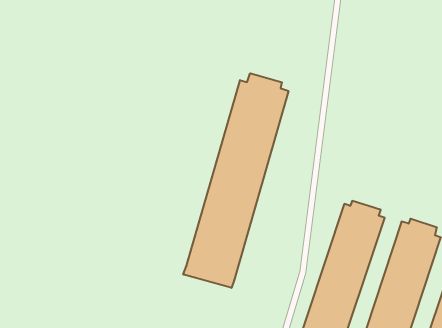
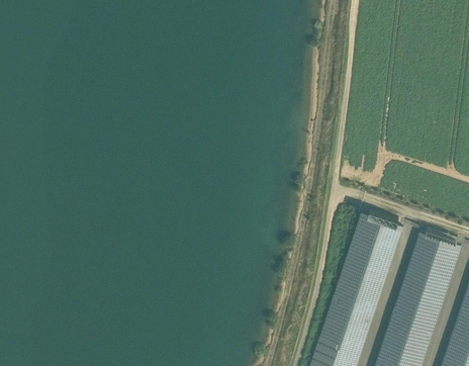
building: [183,73,288,288] -> none

